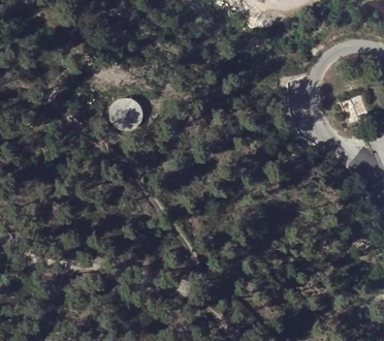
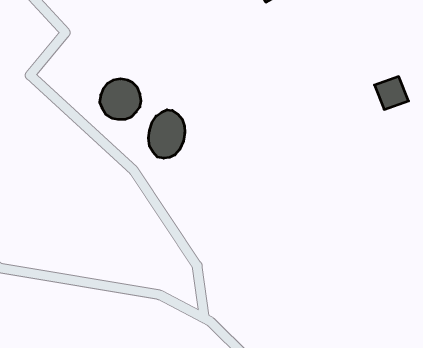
building: none -> [149,110,185,158]

